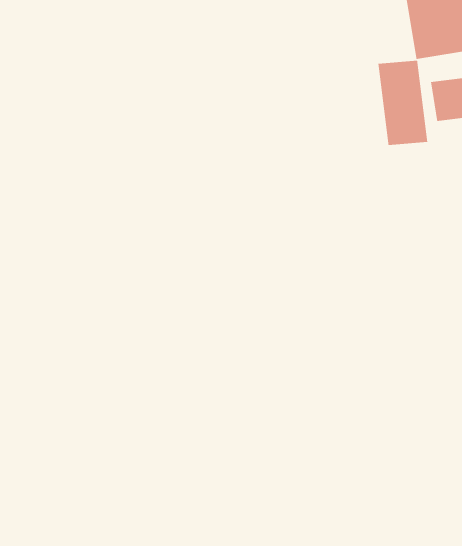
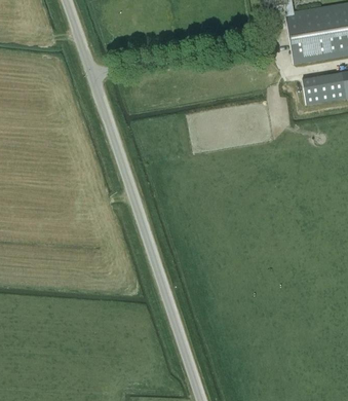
building: [378,60,428,146] -> none

